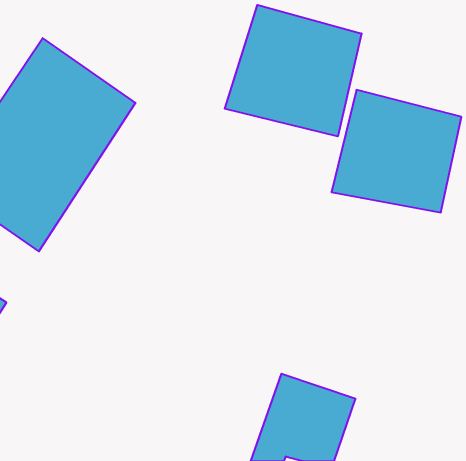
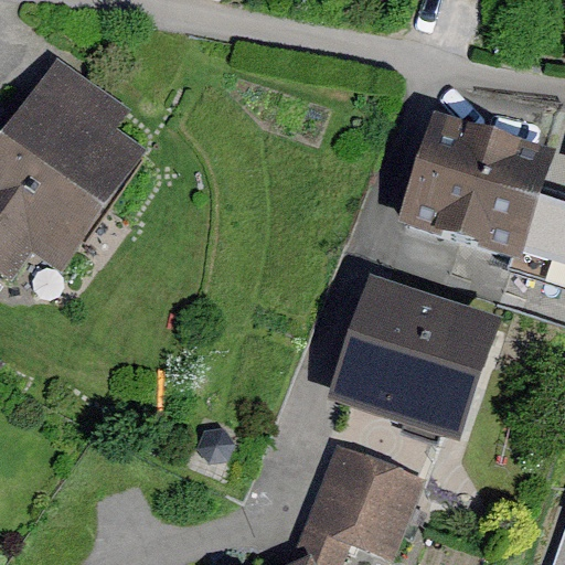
building: [225,5,362,136] -> none
building: none -> [337,274,493,443]

